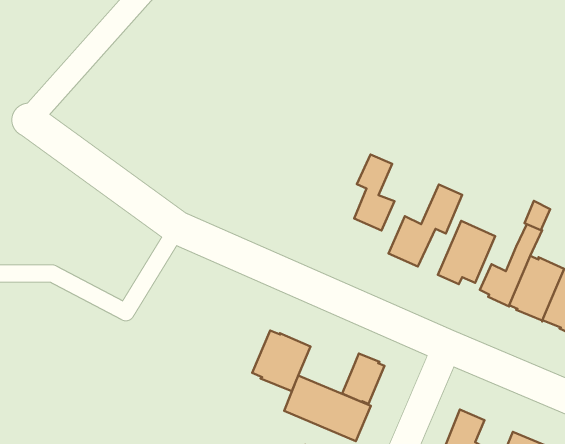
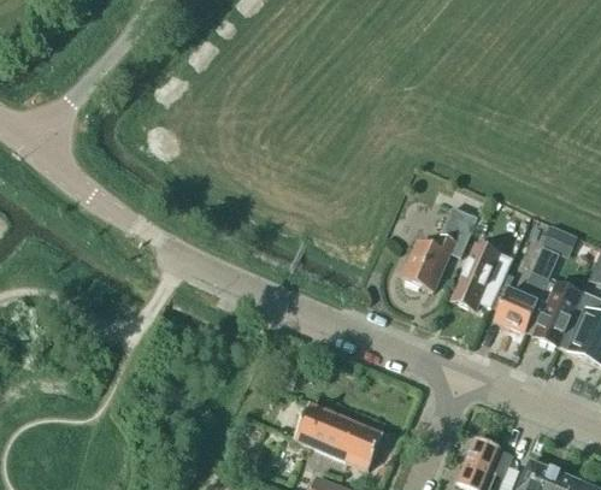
building: [354,154,394,231] -> none
building: [252,330,311,391] -> none
building: [342,354,385,404] -> none

